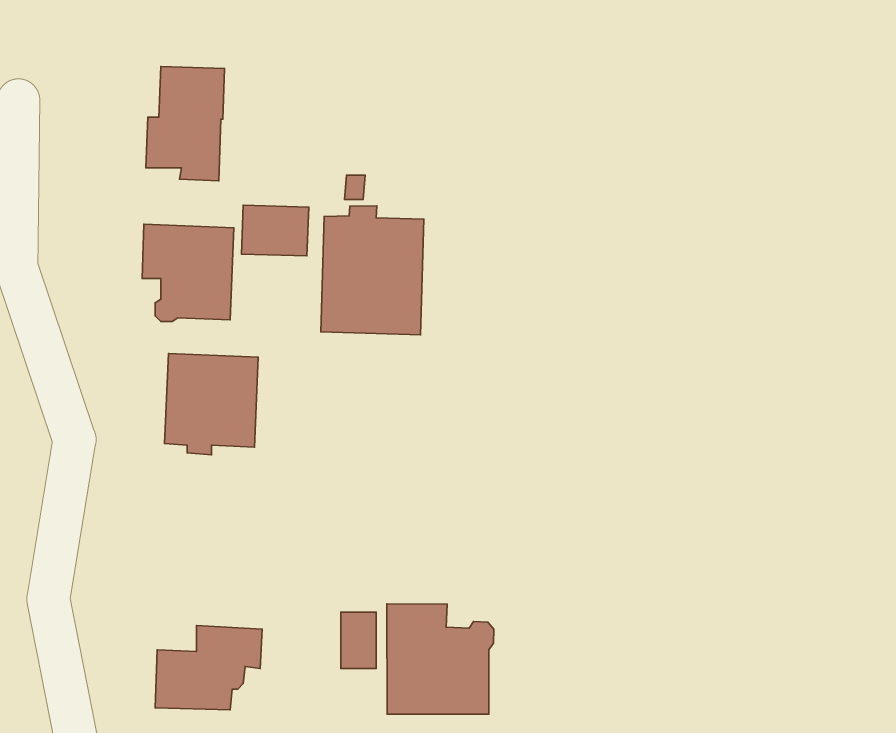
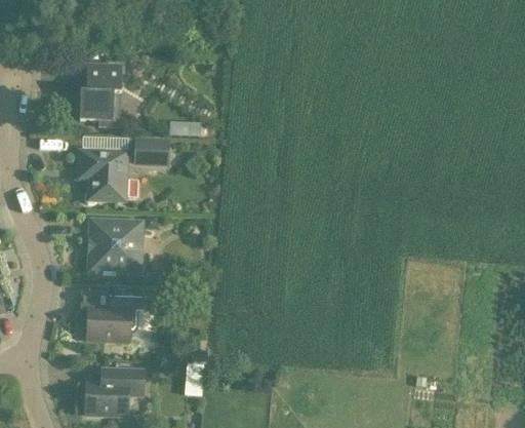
building: [321,206,424,335] -> none
building: none -> [87,294,149,340]
building: [387,604,494,714] -> none

